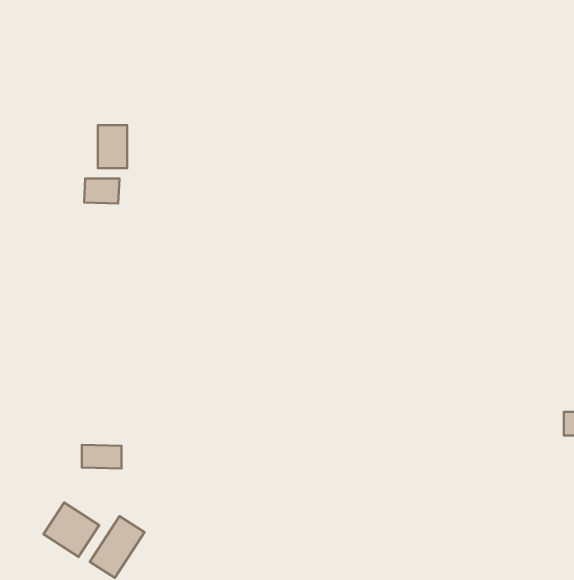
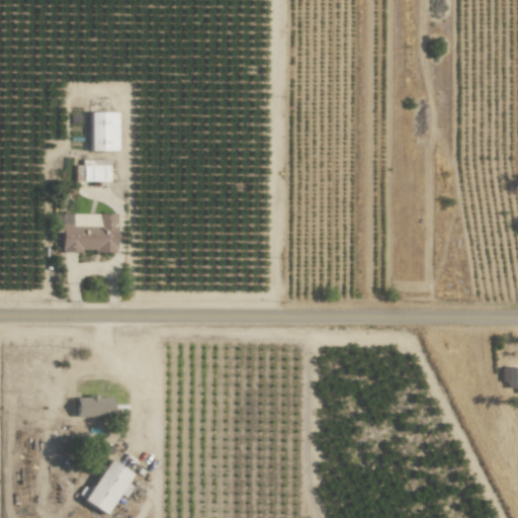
building: none -> [66,213,119,251]
building: [43,502,99,557] -> none

